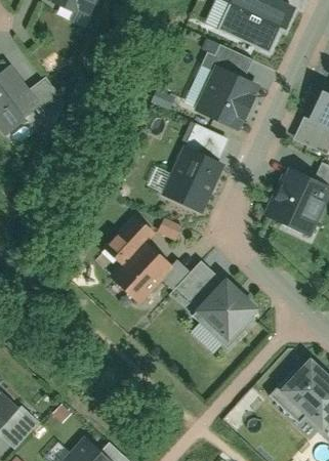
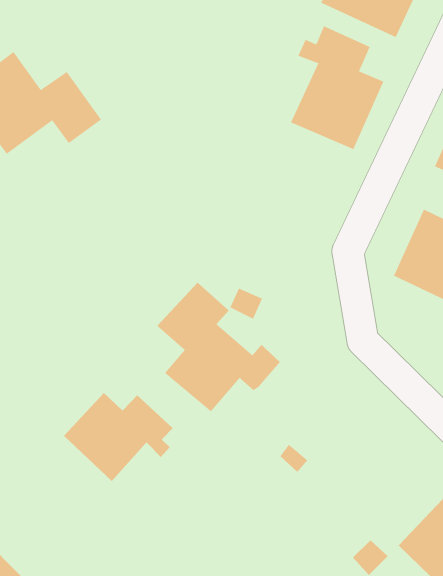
building: [162,123,228,212] -> none
building: [176,259,260,348] -> none
building: none -> [63,392,174,482]

